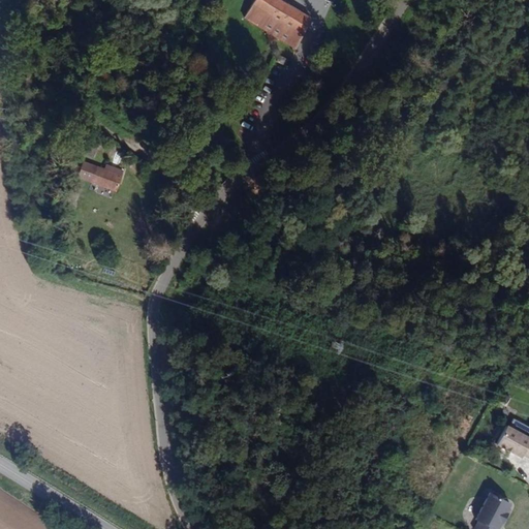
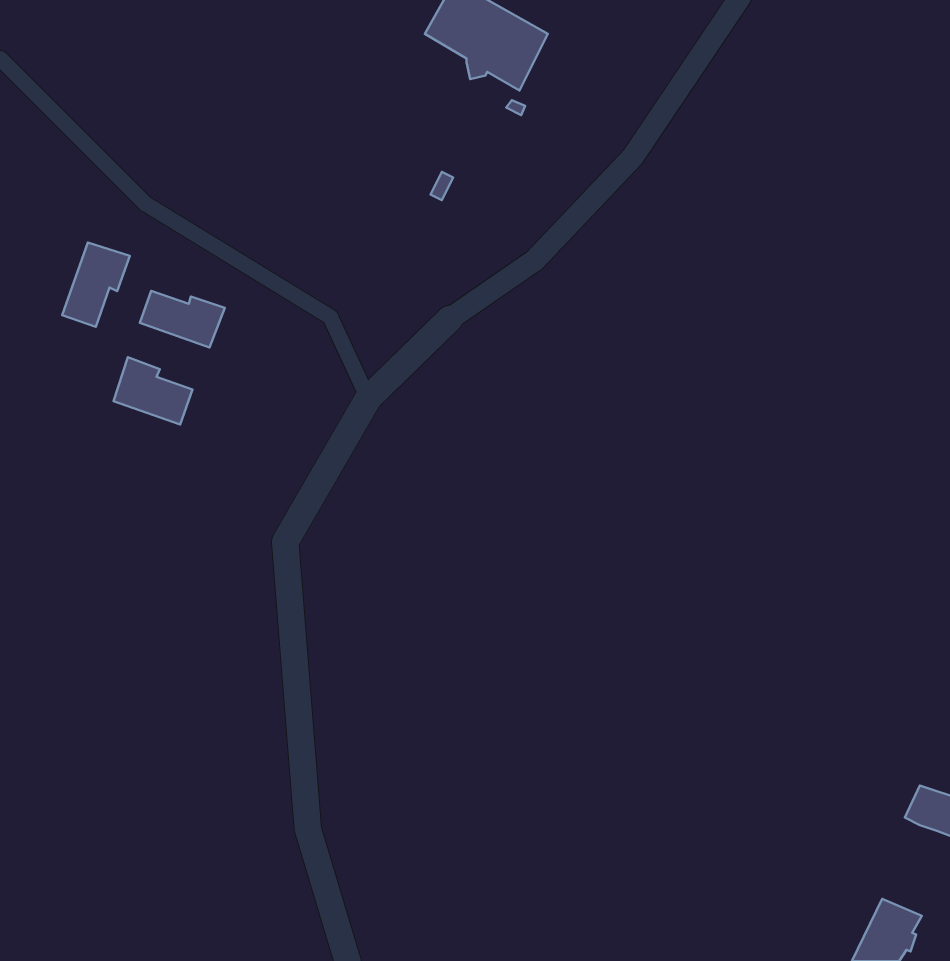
building: none -> [62,242,130,327]
building: none -> [114,357,192,424]

